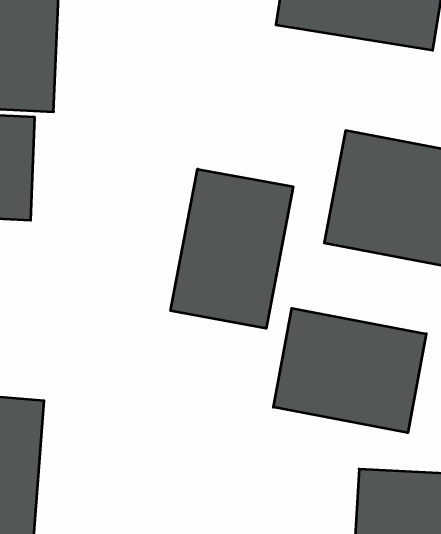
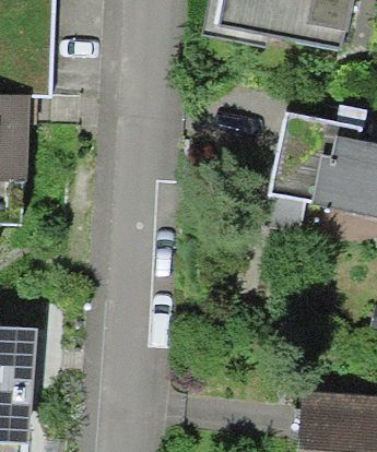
building: [171,169,293,328] -> none
building: [273,308,426,433] -> none

